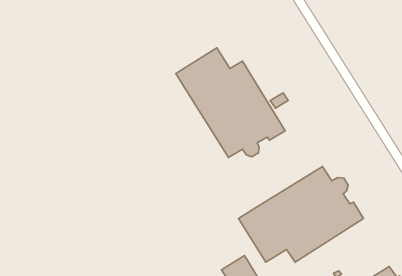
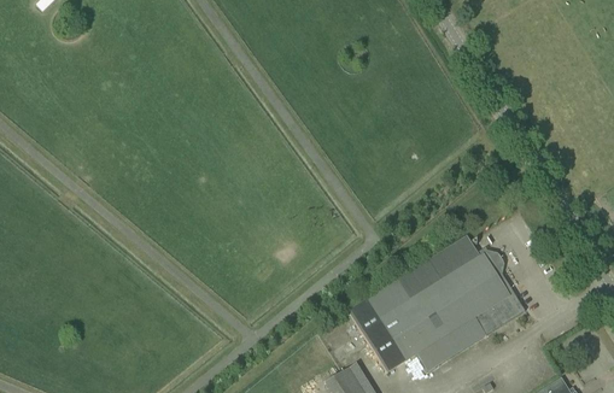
building: [176,48,285,158] -> none

